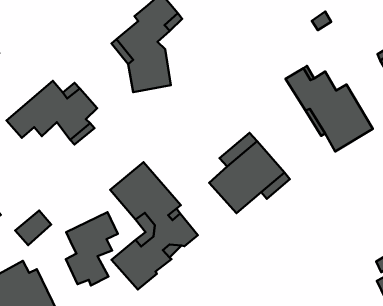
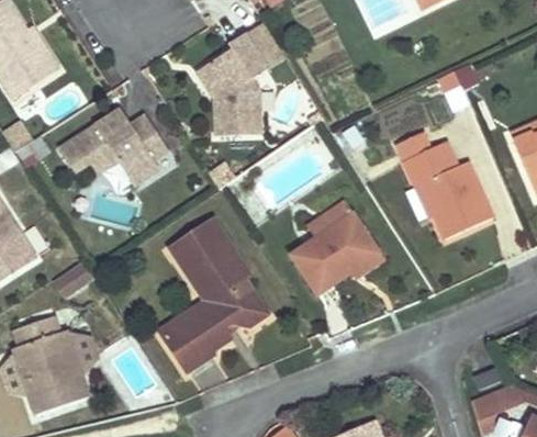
building: [66,212,118,285] -> none

